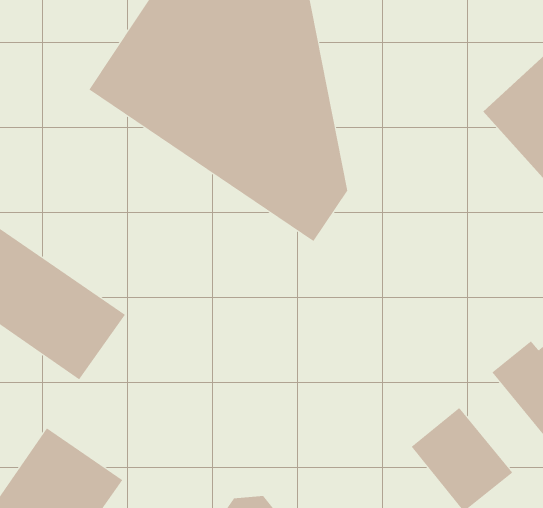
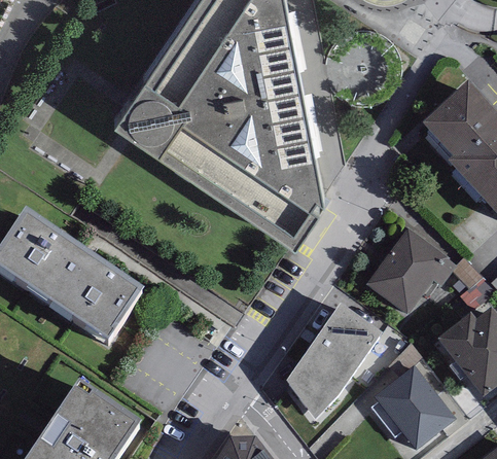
building: none -> [365,230,454,316]
building: none -> [286,306,380,422]

